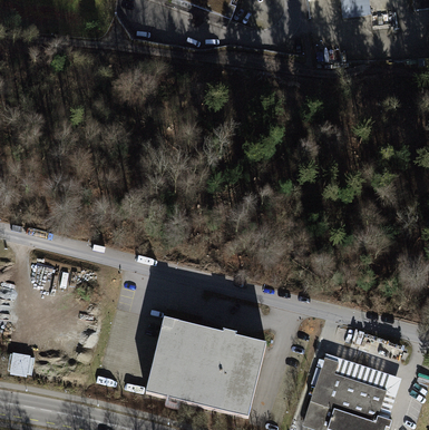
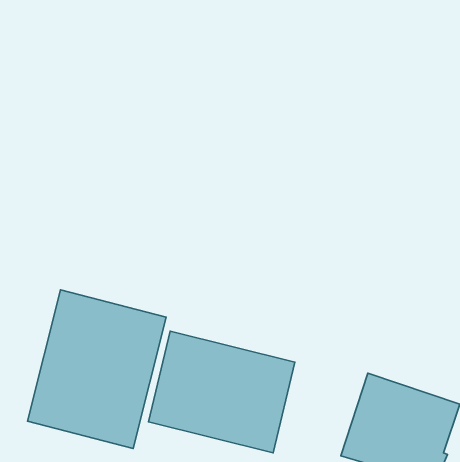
building: none -> [28,290,166,449]

